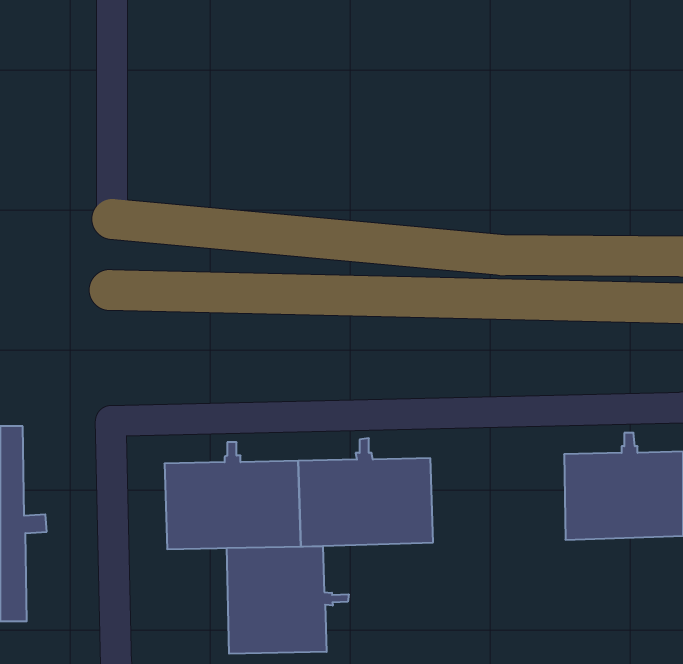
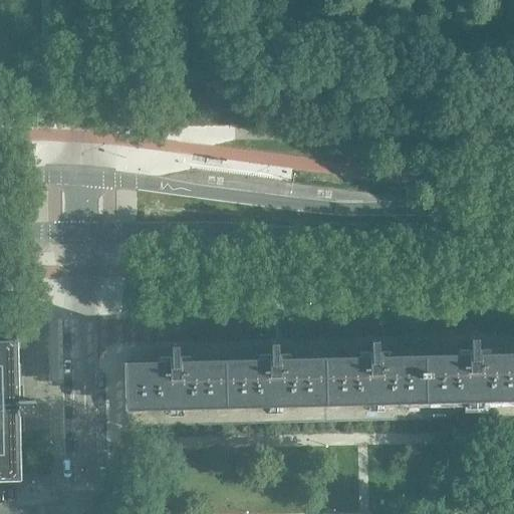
building: none -> [323,327,425,408]
building: [227,546,349,654] -> none

